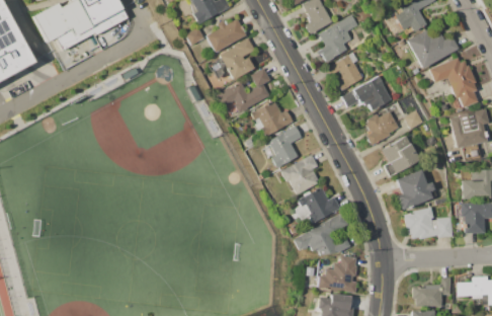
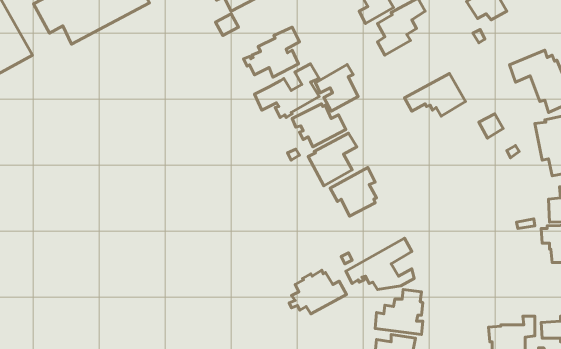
building: [207,19,246,52] -> none
building: [407,29,459,68] -> none
building: [328,52,363,90] -> [315,65,358,111]
building: [366,111,400,146] -> none
building: [381,136,420,176] -> none
building: [396,169,435,210] -> none
building: [293,187,340,224] -> [289,270,346,314]
building: [404,208,454,238] -> none

